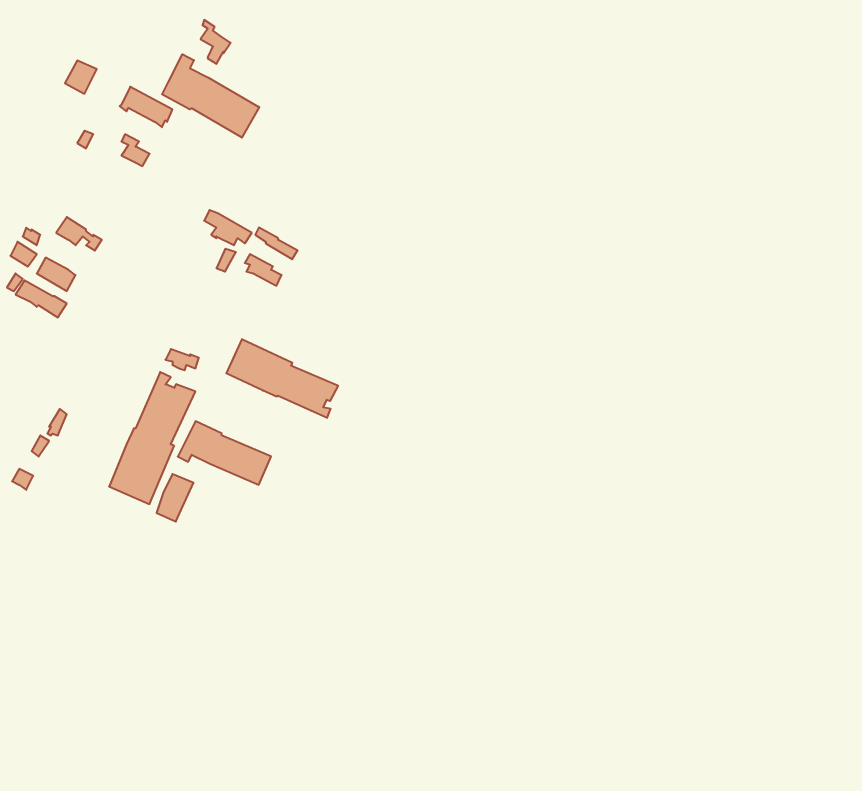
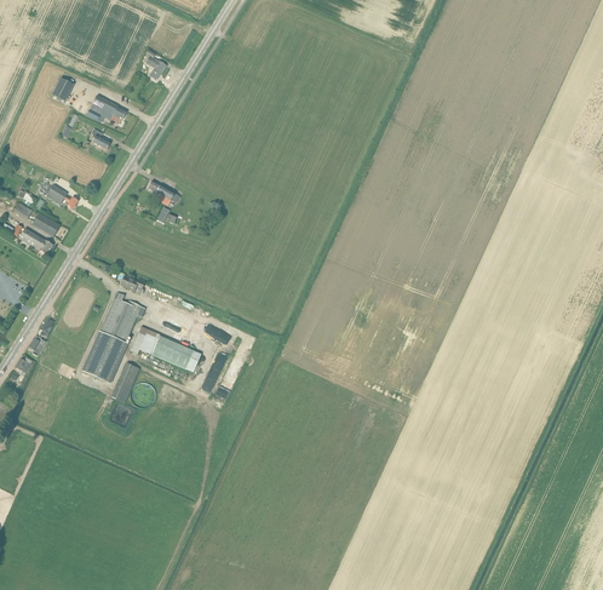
building: [162,54,259,138] -> none
building: [226,339,338,418] -> none

